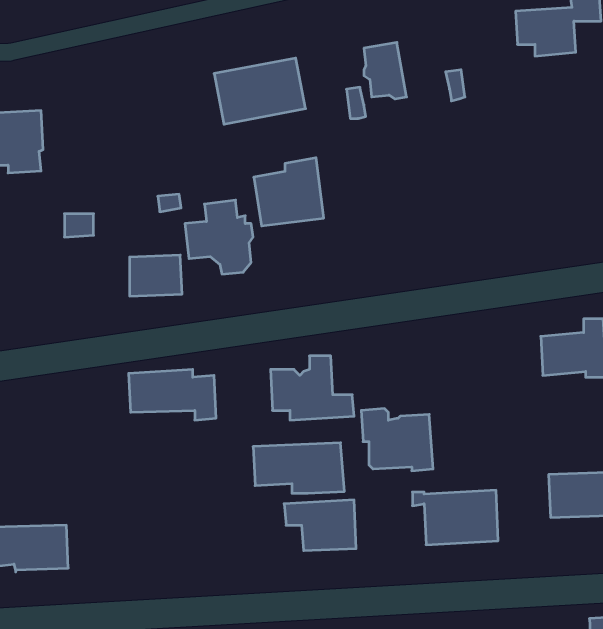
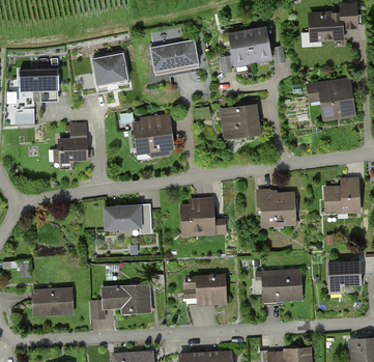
building: none -> [248,29,269,61]
building: none -> [91,53,128,93]
building: none -> [308,81,351,118]
building: [254,158,324,226] -> [221,101,258,137]
building: [130,255,182,296] -> [59,139,87,161]
building: [361,409,433,471] -> [257,191,295,224]
building: [253,443,344,493] -> [102,285,150,312]

